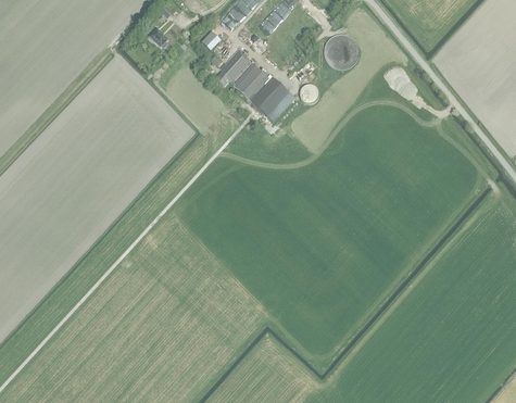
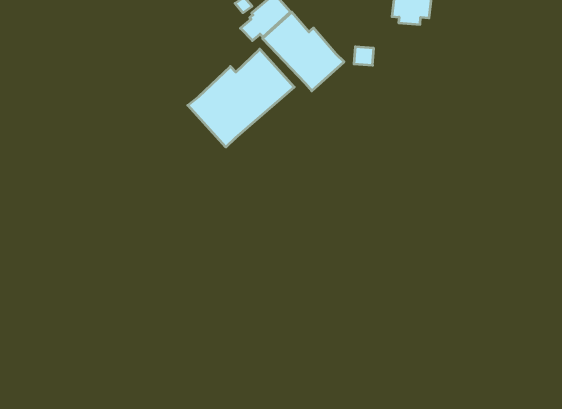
building: none -> [188,49,294,147]

